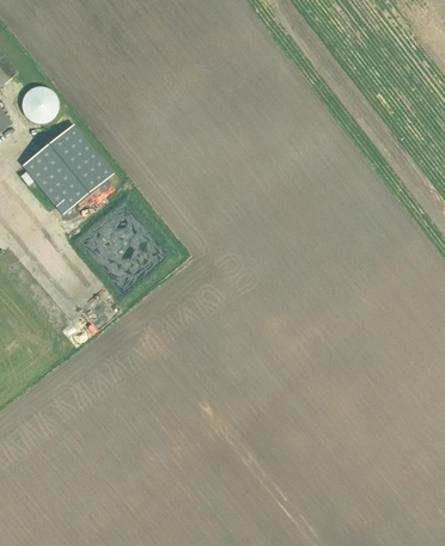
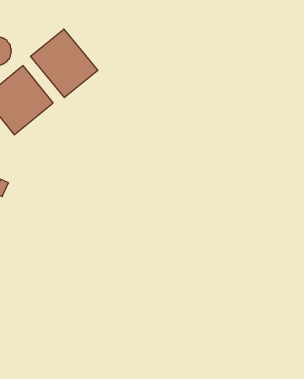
building: none -> [31,29,98,98]

